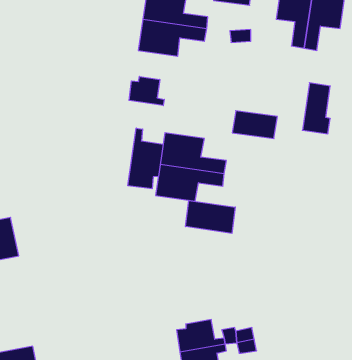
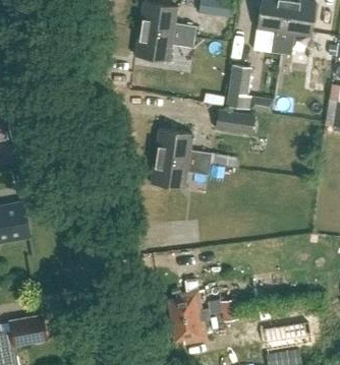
building: [129,76,164,106] -> none
building: [302,83,330,134] -> [226,65,250,110]
building: [128,128,163,189] -> none
building: [186,200,235,233] -> none

